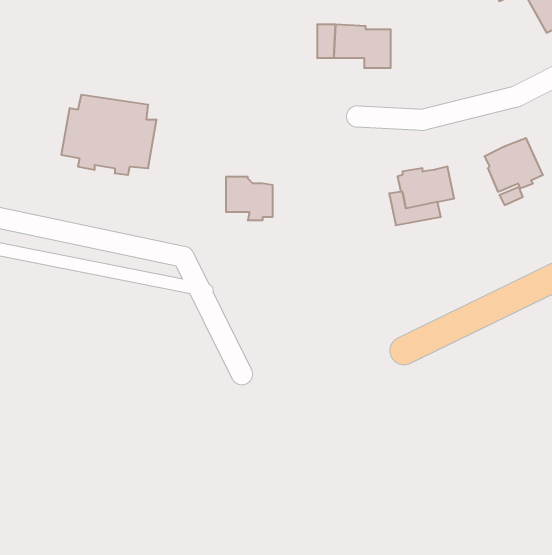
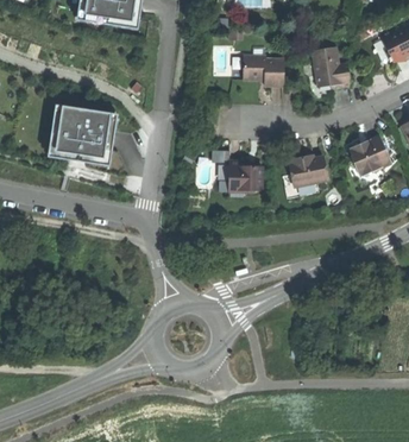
building: none -> [312,46,350,89]
building: [226,177,273,220] -> [227,160,260,191]

